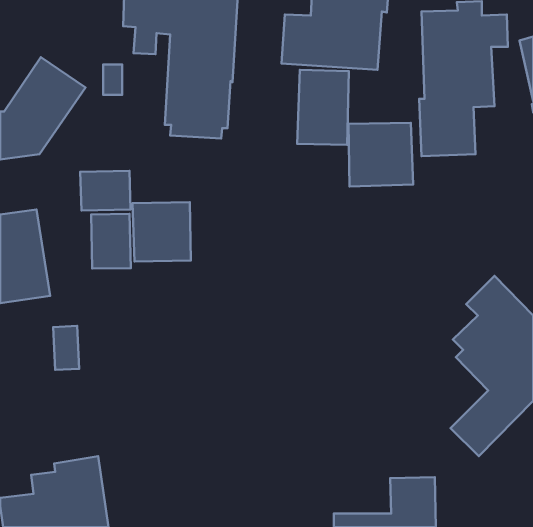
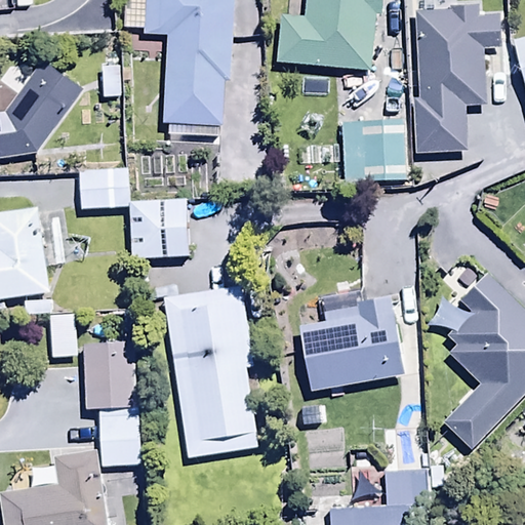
building: [297,70,349,145] -> none
building: [91,214,131,269] -> none
building: none -> [163,285,257,456]
building: none -> [298,290,404,391]
building: none -> [82,342,143,466]

